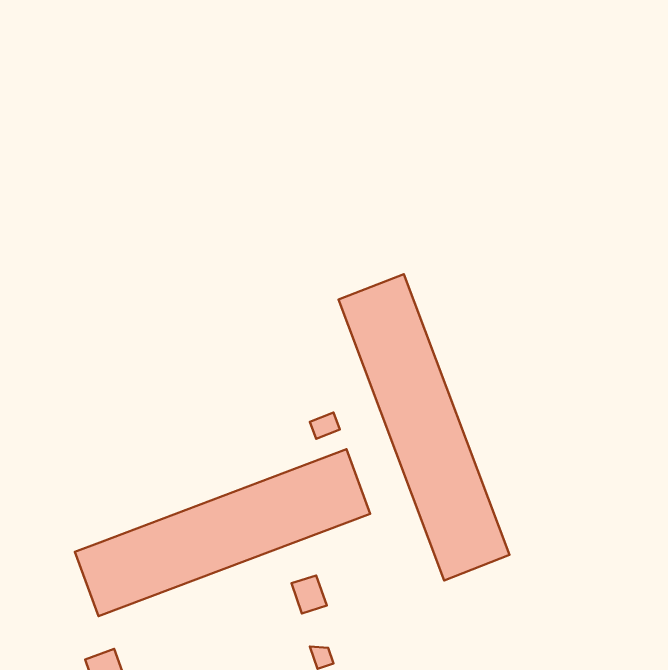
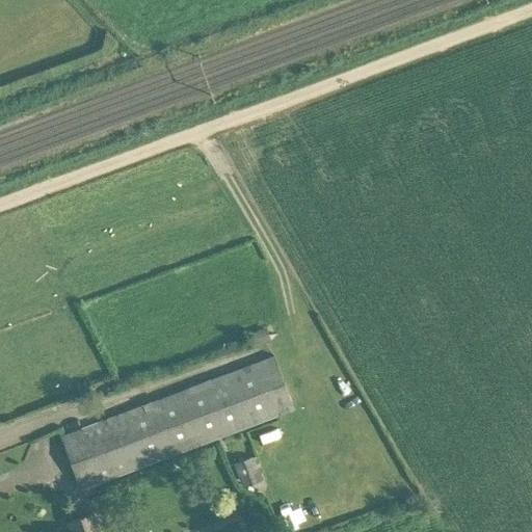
building: [338,274,510,580] -> none

